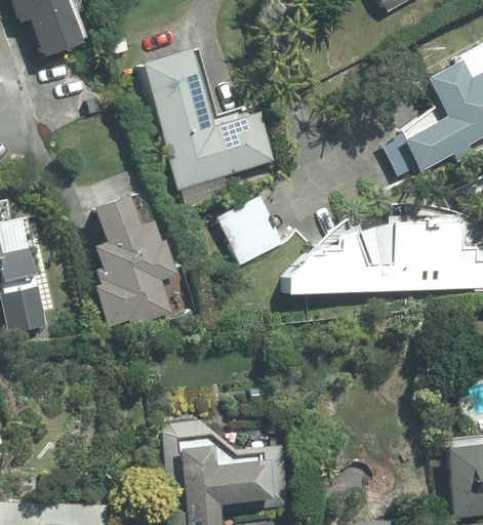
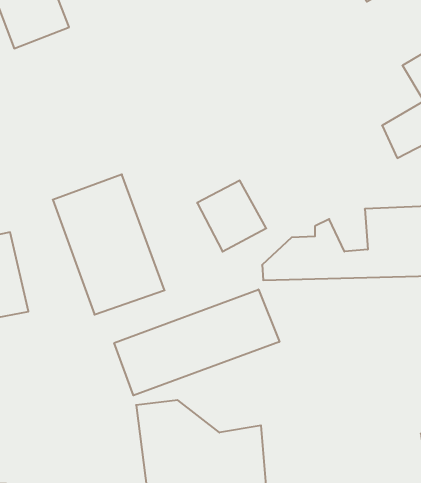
building: [139,47,277,193] -> none
building: none -> [114,289,279,395]

